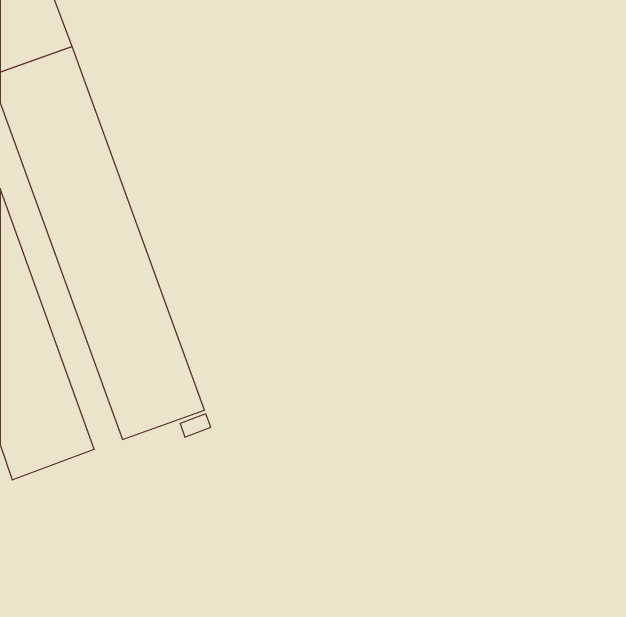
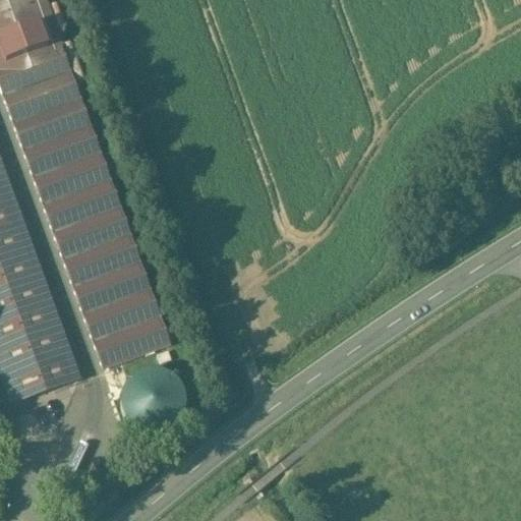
building: none -> [122,368,183,428]

